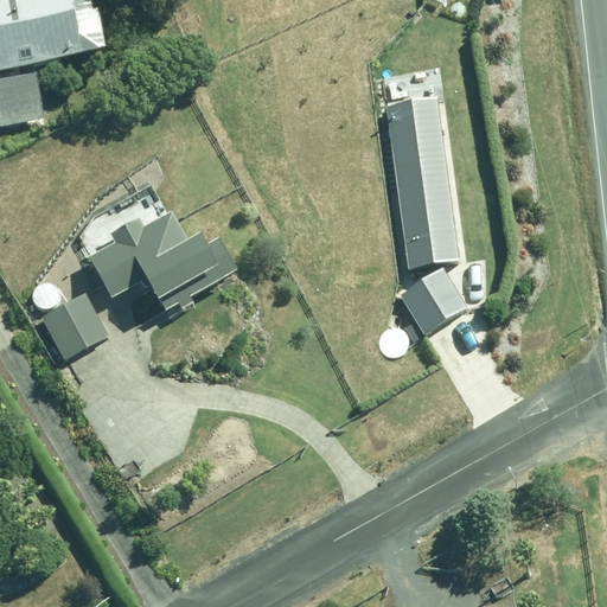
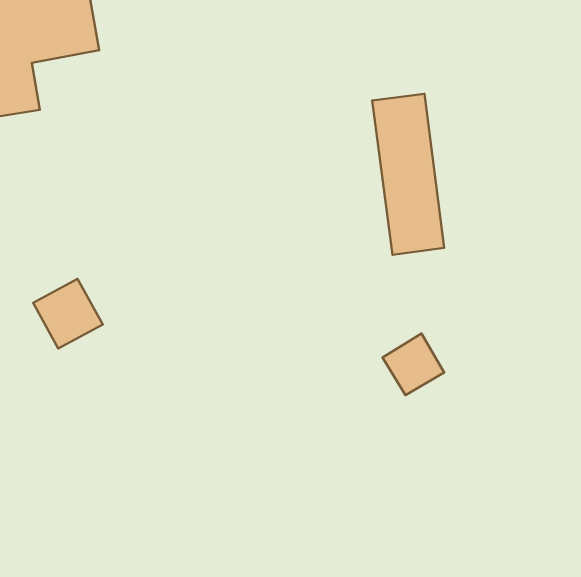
building: [83,211,235,309] -> none
building: [402,269,466,333] -> [383,334,444,395]

